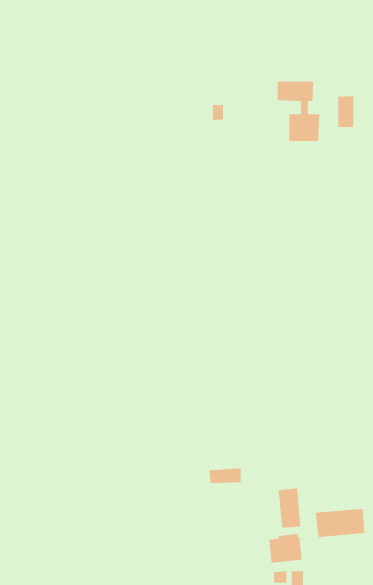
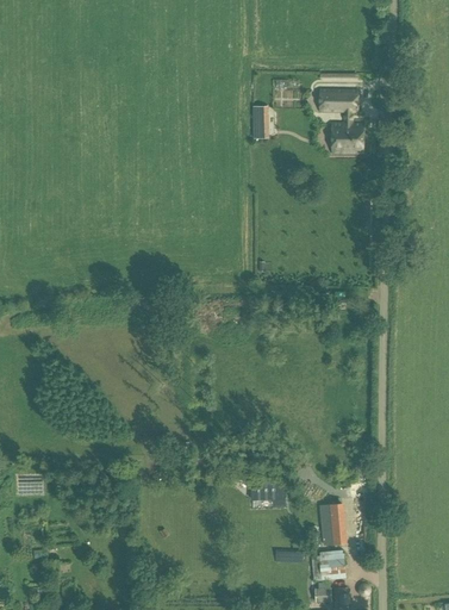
building: [337,96,354,128] -> none
building: [315,508,365,538] -> none

